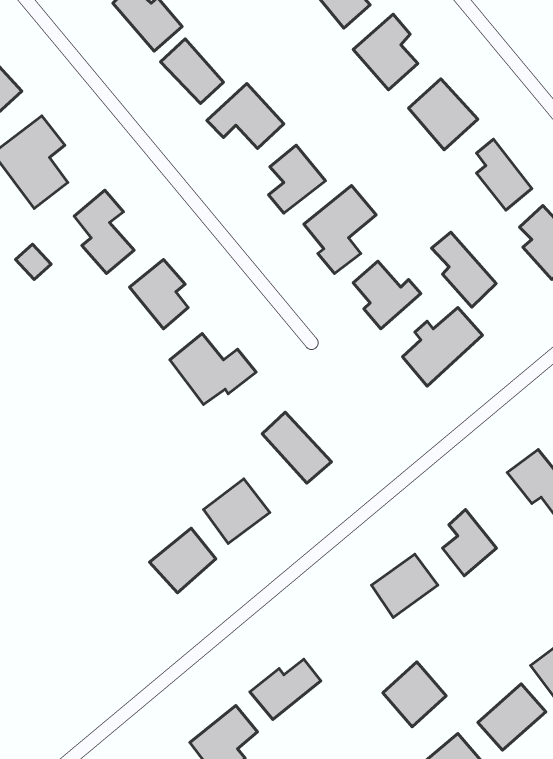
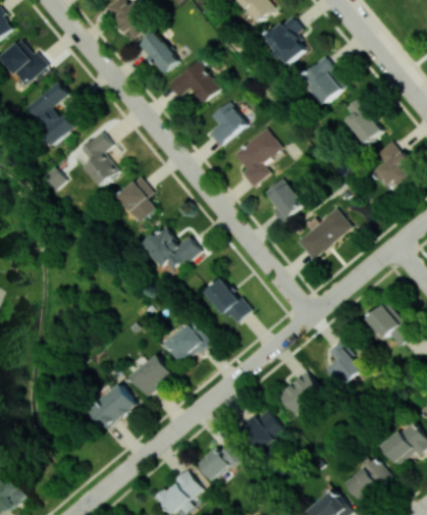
building: [432,232,496,307] -> none
building: none -> [90,384,138,431]
building: [383,662,446,727] -> [243,409,284,452]

